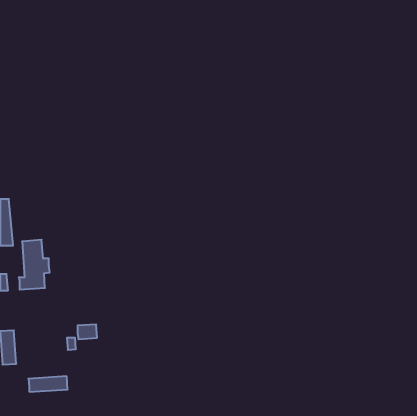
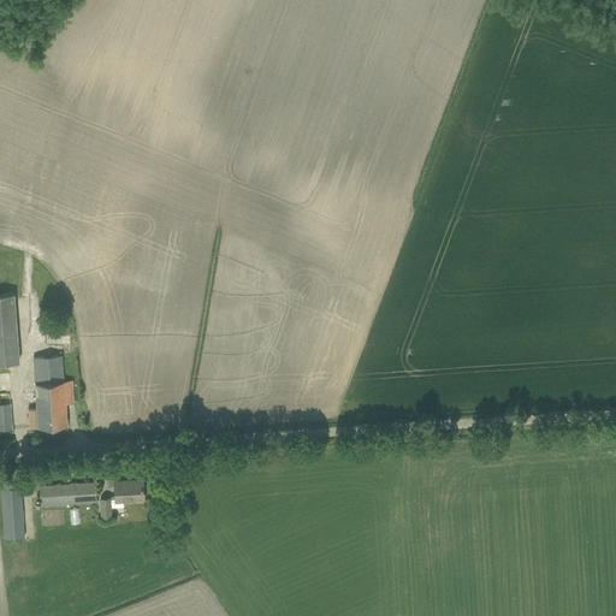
building: [28,376,68,392] -> [38,484,96,507]

